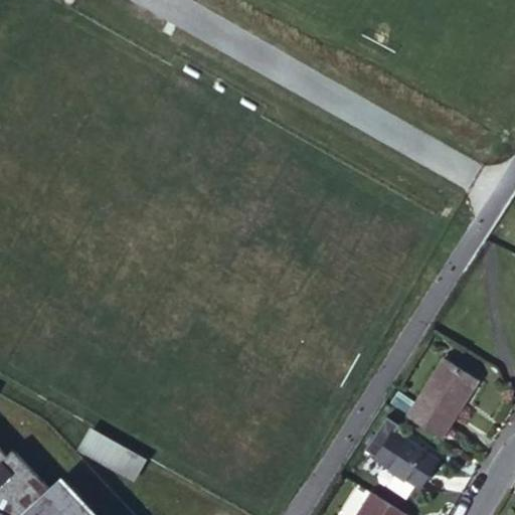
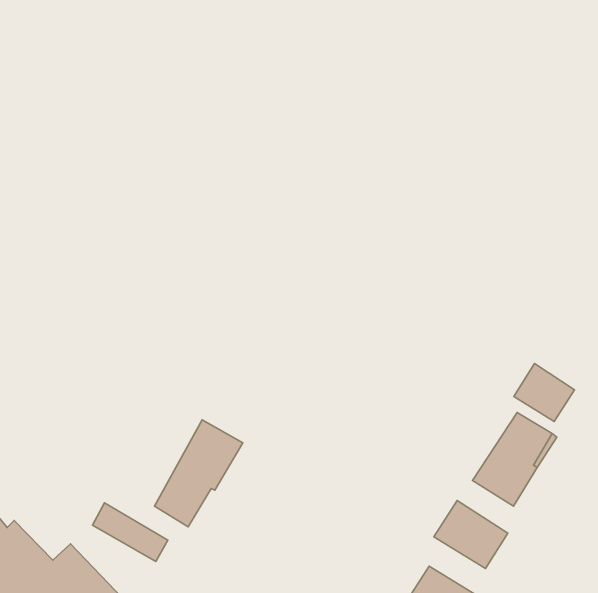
building: none -> [514,363,574,422]
building: none -> [154,420,243,527]

